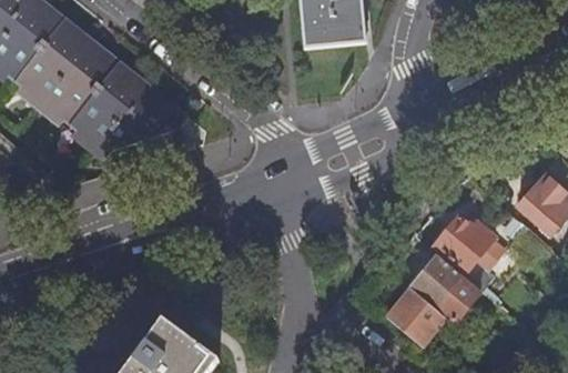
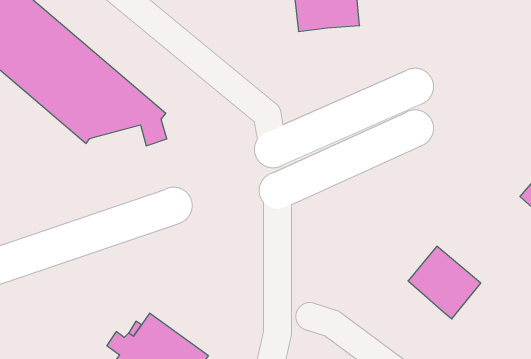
building: [435,213,496,272] -> none
building: [387,286,445,345] -> none

